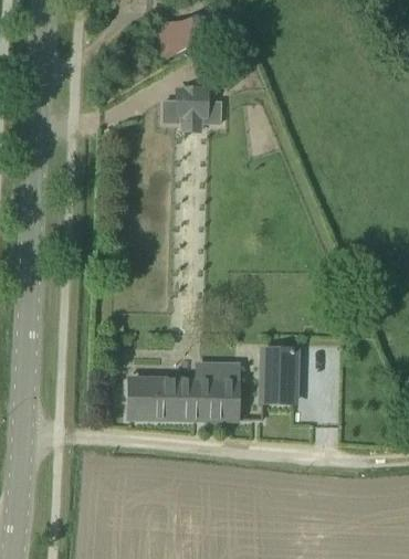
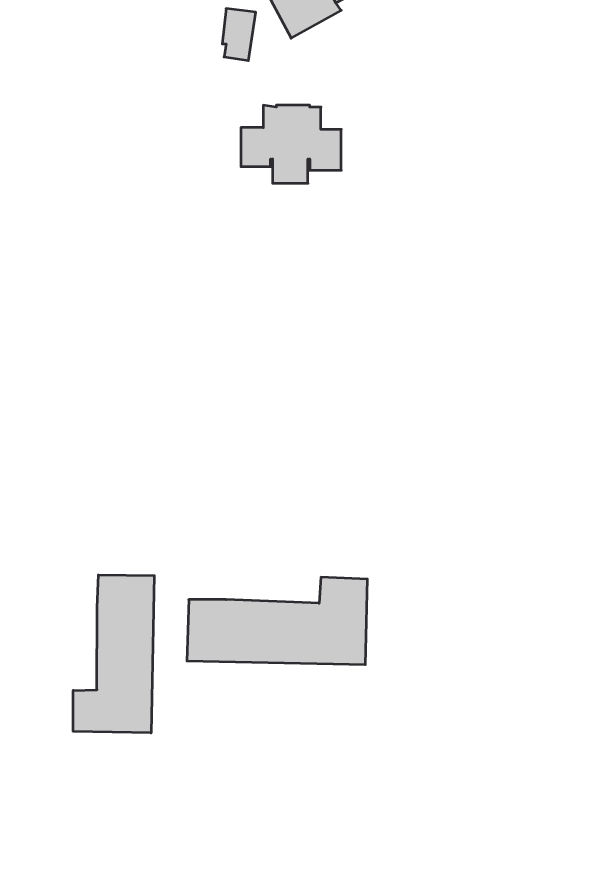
building: [262,351,294,400] -> none
building: none -> [73,575,154,733]

